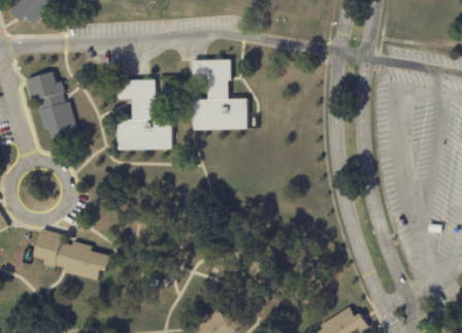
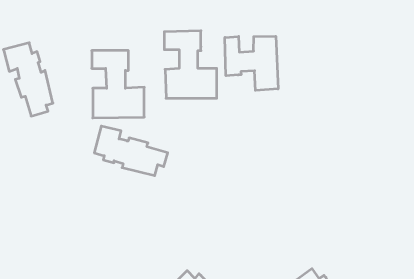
building: none -> [225,36,278,90]
building: [34,229,110,280] -> [94,126,168,176]

